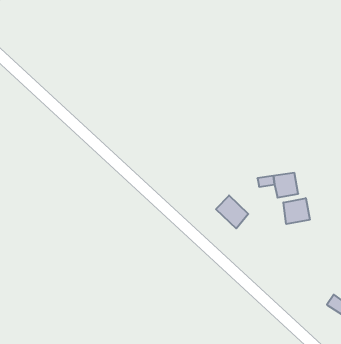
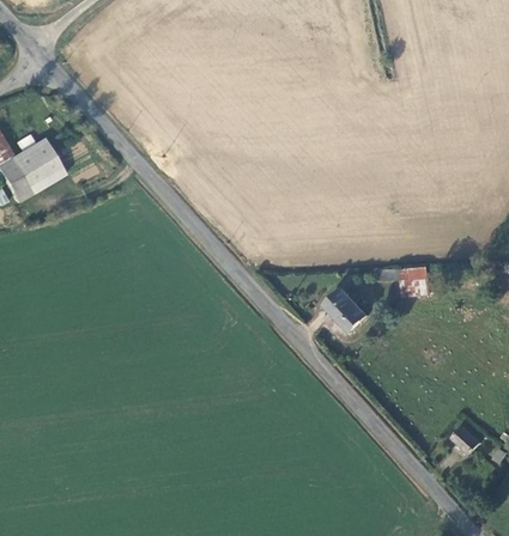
building: [283,198,310,224] -> none

